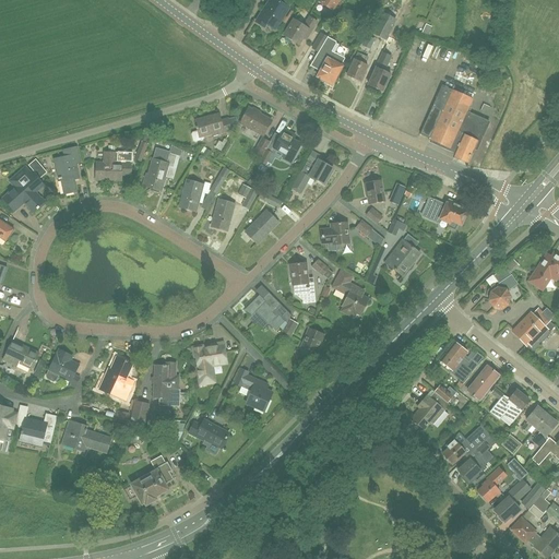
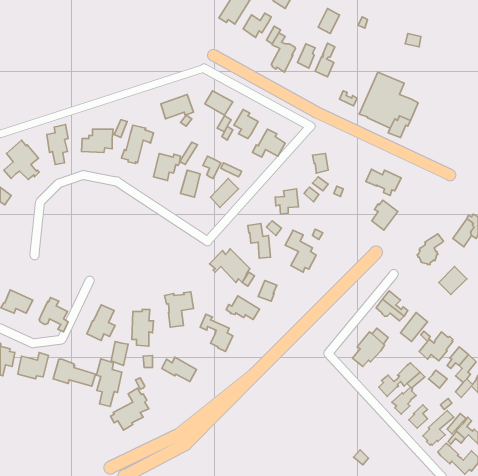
building: [389,239,419,274] -> [372,200,398,230]
building: none -> [226,296,259,320]
building: none -> [97,359,122,406]

